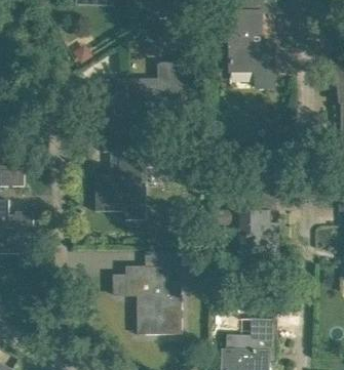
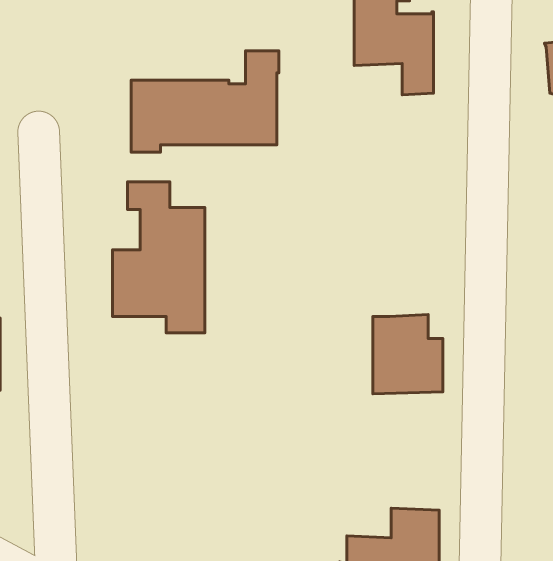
building: [114,251,182,333] -> none

